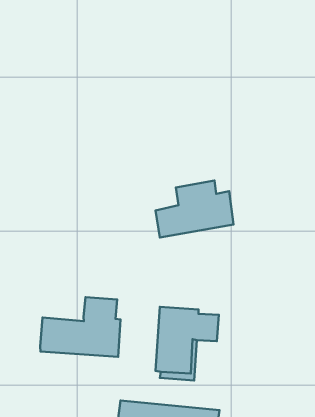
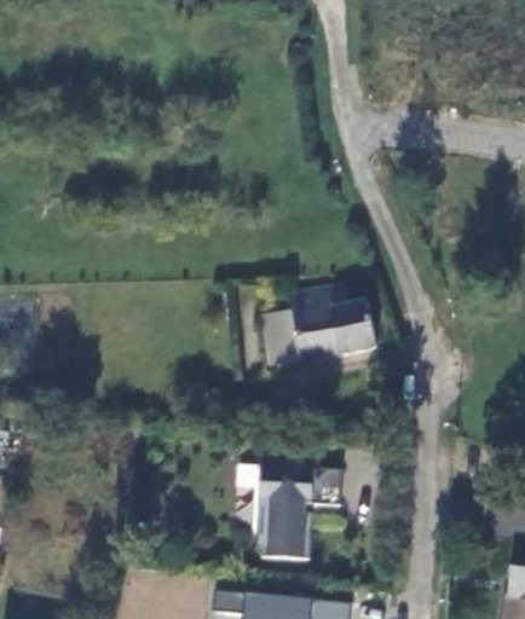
building: [40,297,121,357] -> none

